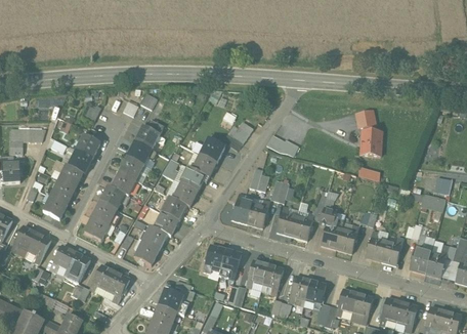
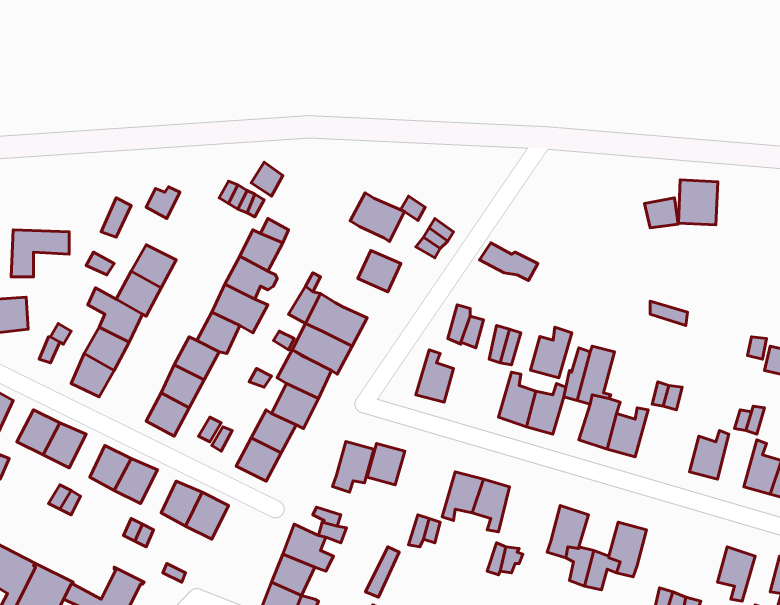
building: [360,131,382,156] -> [678,180,718,225]
building: [186,152,216,178] -> [350,193,405,242]
building: [247,199,269,226] -> [531,327,572,378]
building: [366,231,388,260] -> none
building: [218,249,241,277] -> [333,442,374,492]
building: [290,275,310,304] -> none
building: [350,292,373,321] -> none
building: [379,297,401,327] -> none

